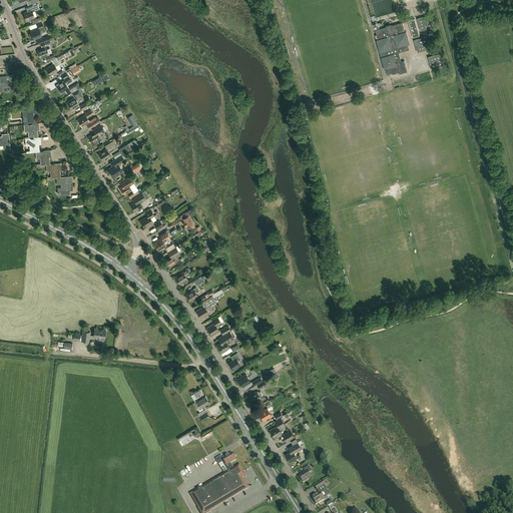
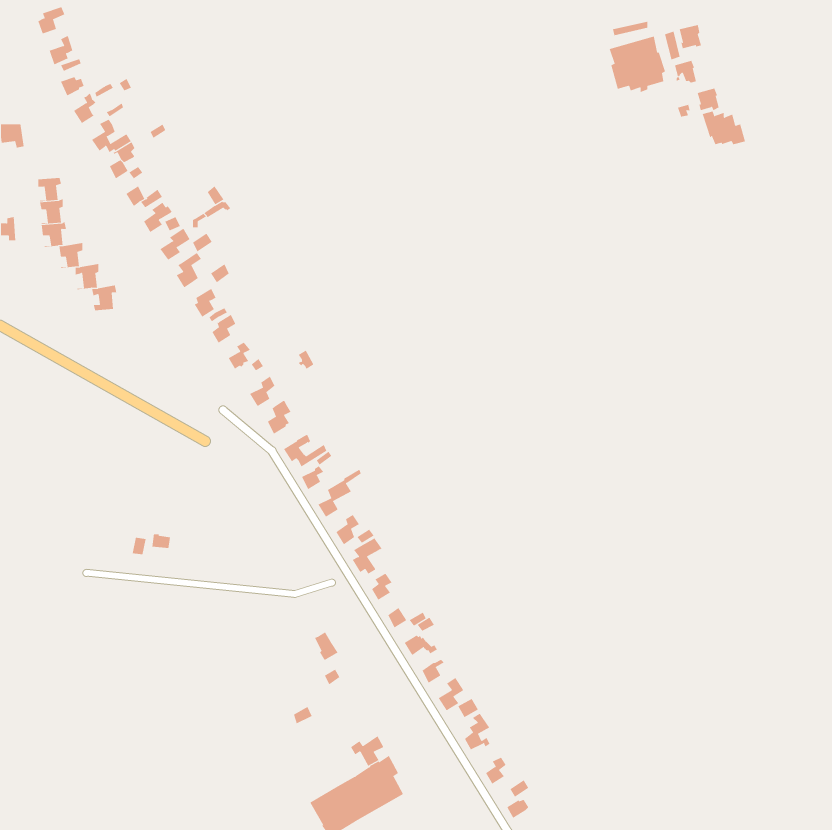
building: [380,54,407,75] -> [702,111,746,145]

